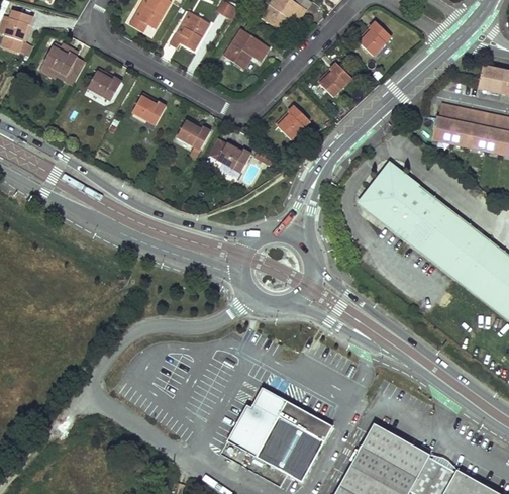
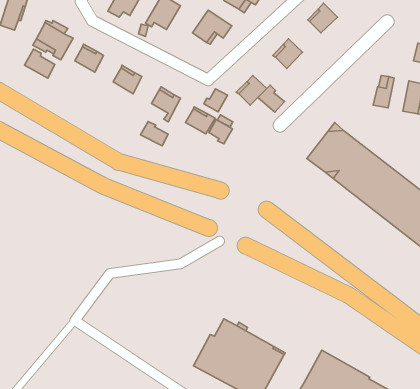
building: none -> [24,49,55,78]
building: [450,108,475,146] -> none
building: none -> [258,85,284,112]
building: none -> [204,89,228,112]
building: none -> [209,120,233,144]
building: none -> [141,122,168,146]

